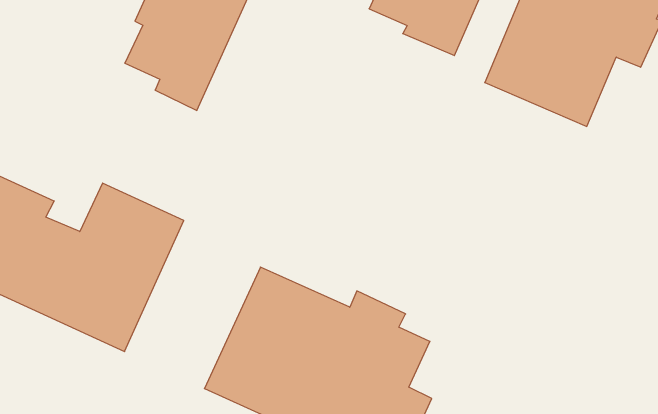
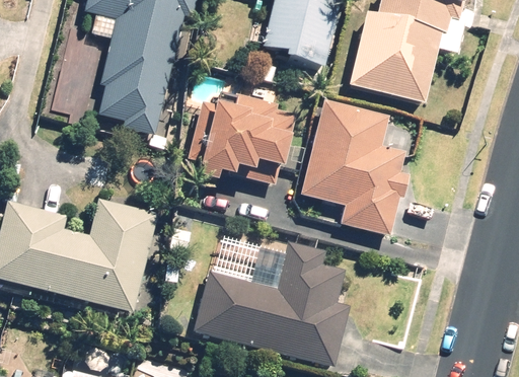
building: none -> [193,97,300,182]
building: none -> [298,104,412,235]

